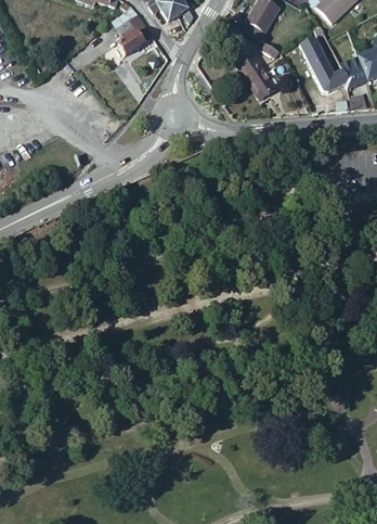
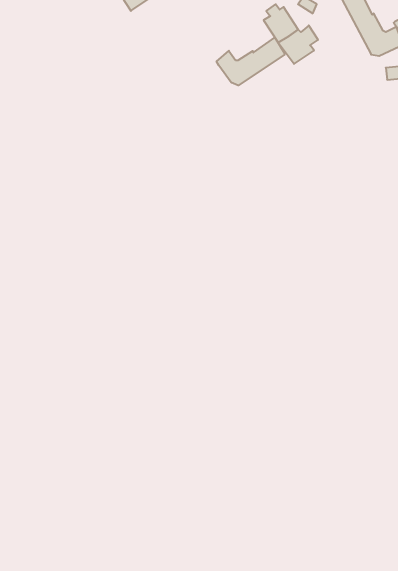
building: none -> [217,38,285,85]

